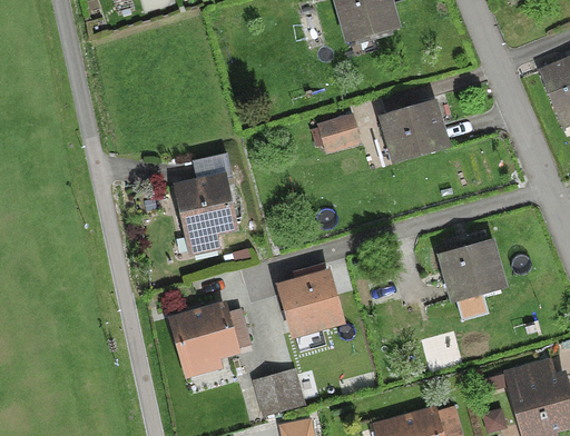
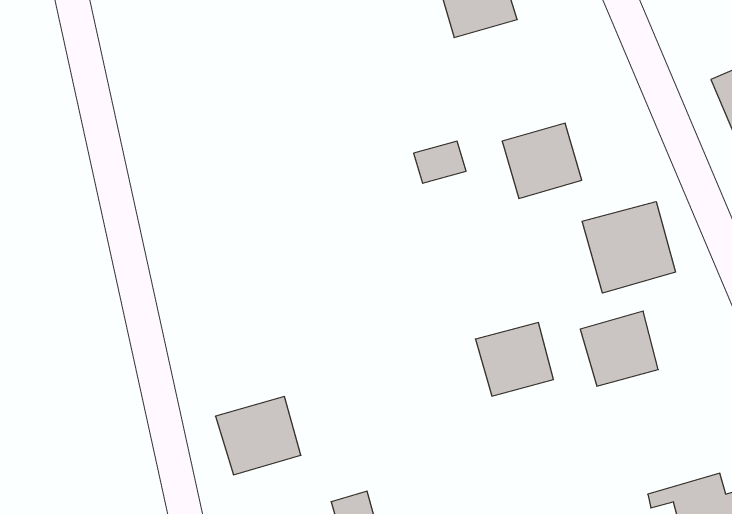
building: [176,152,233,250] -> none
building: none -> [582,202,676,293]
building: [279,275,337,329] -> [475,323,553,396]

